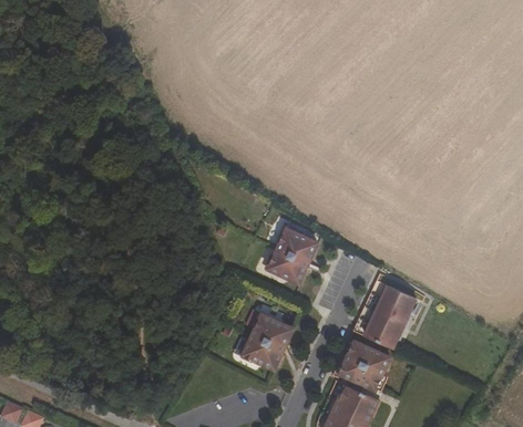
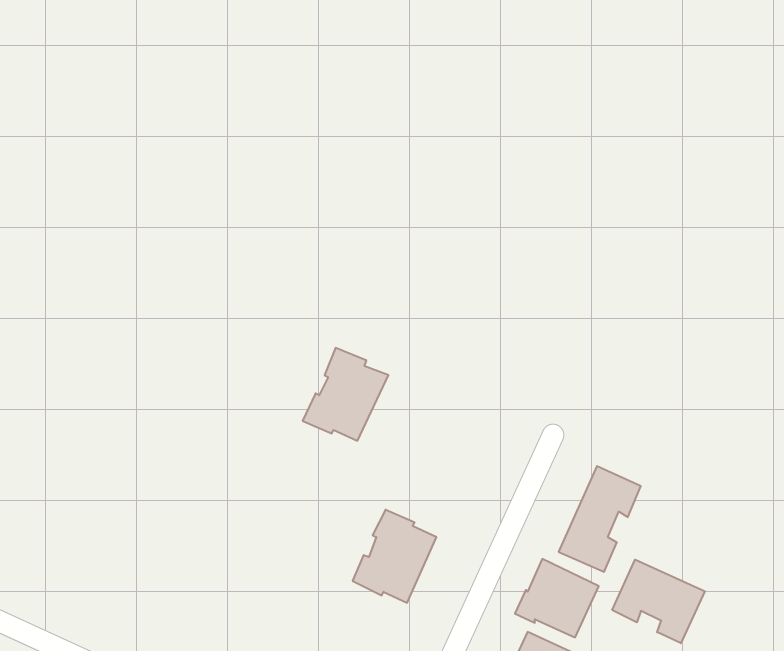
building: [264,226,316,282] -> [303,348,388,441]
building: none -> [612,560,705,643]

